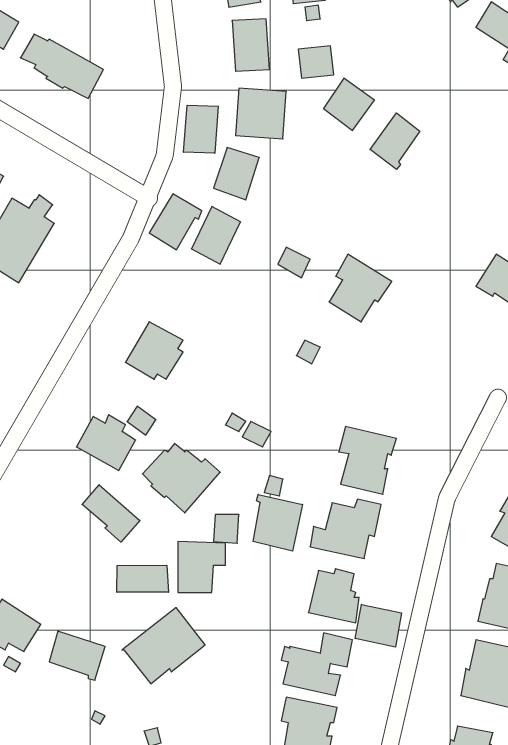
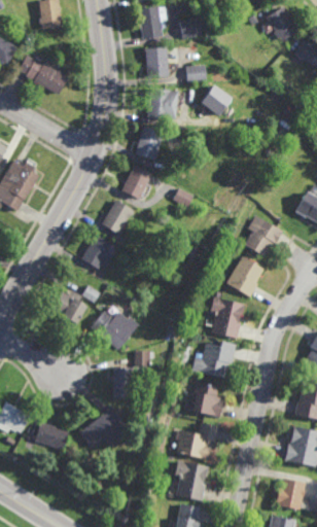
building: [184,105,218,153] -> none
building: [370,113,420,169] -> none
building: [149,194,202,250] -> [102,199,134,233]
building: [329,254,392,322] -> [245,215,283,256]
building: none -> [227,256,265,296]
building: [82,485,140,542] -> none
building: [253,494,302,551] -> none
building: [117,565,168,592] -> none
building: [355,604,402,647] -> none

